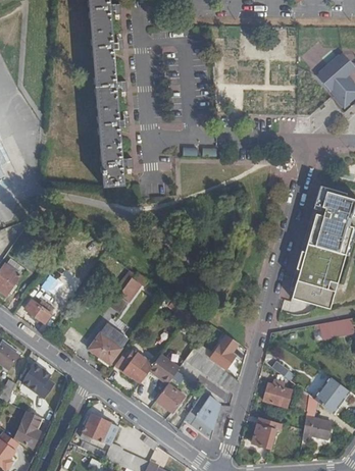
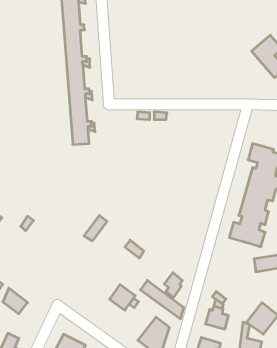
building: [23,295,50,322] -> none
building: [87,323,125,365] -> none
building: [113,349,153,380] -> none
building: [154,382,184,412] -> none

